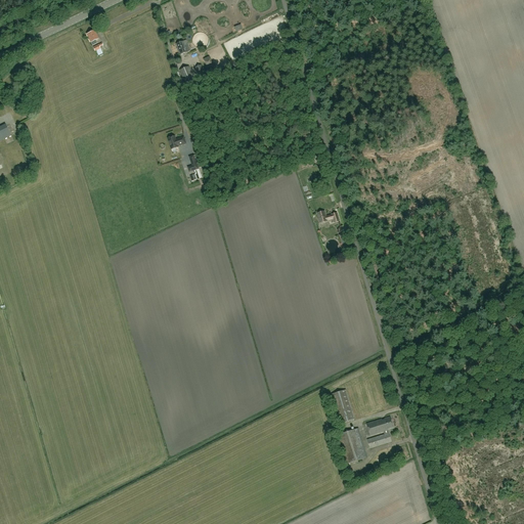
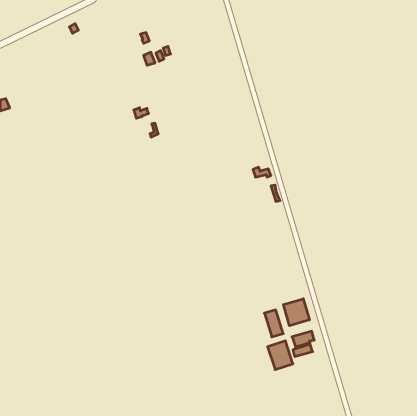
building: none -> [283,299,309,326]

